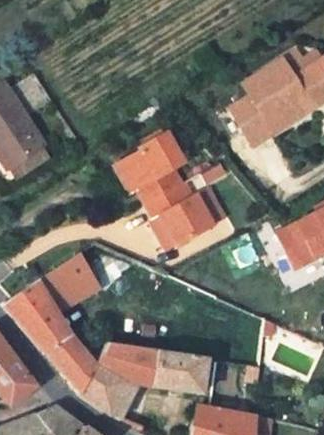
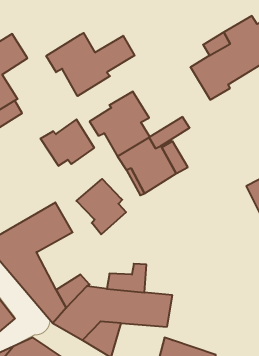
building: none -> [46,33,135,96]
building: none -> [41,119,94,166]
building: none -> [76,179,126,234]

